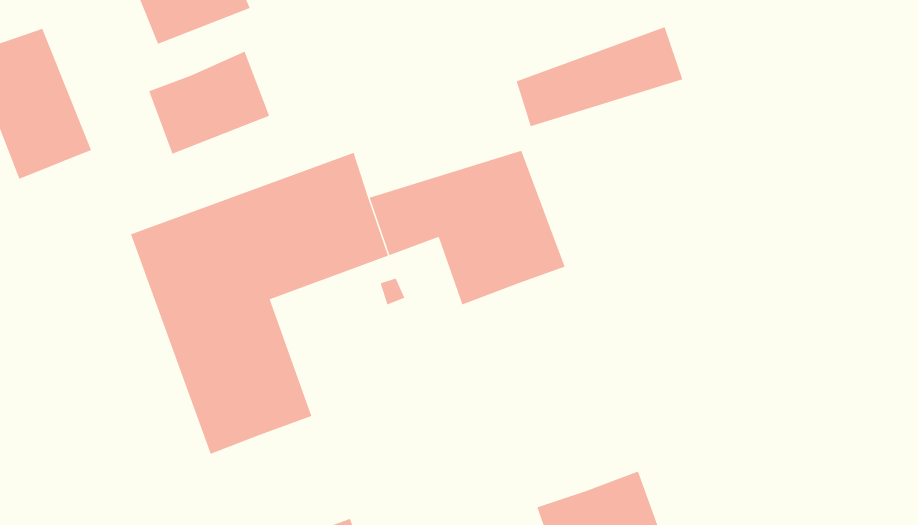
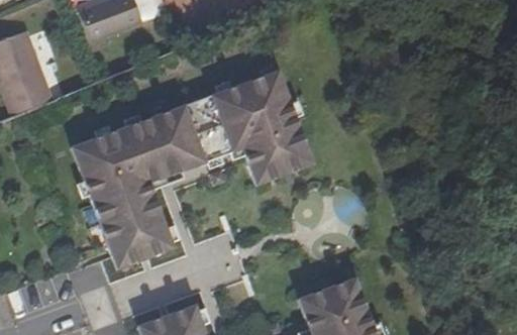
building: [516,27,683,127] -> [199,71,292,126]
building: [148,51,270,154] -> none

